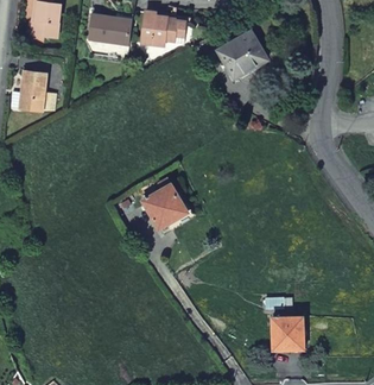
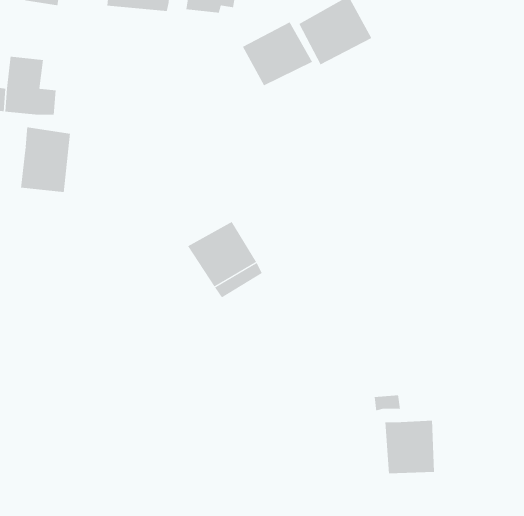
building: none -> [242,22,313,86]
building: none -> [20,127,70,193]

